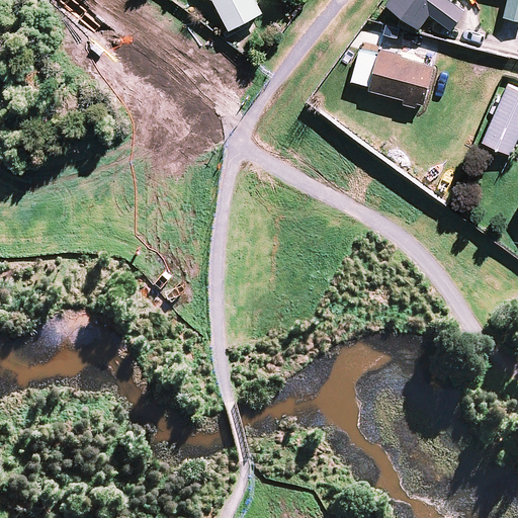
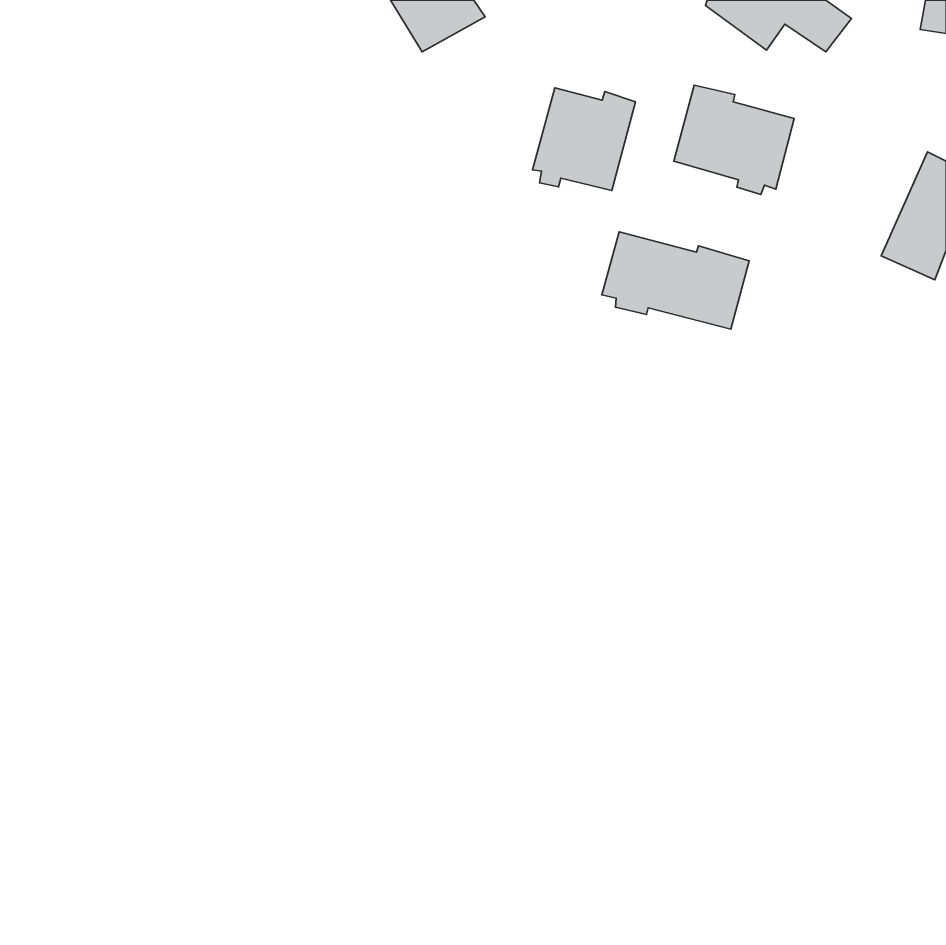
building: none -> [533,88,635,190]
building: none -> [602,232,749,329]

